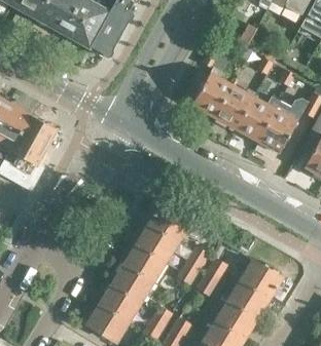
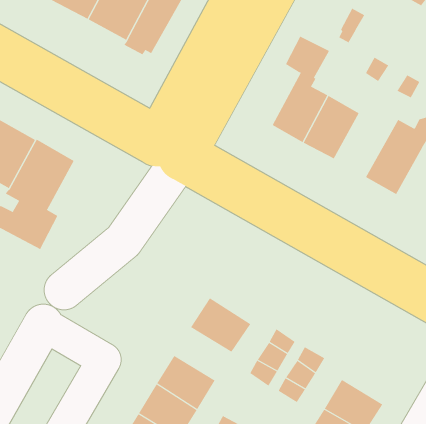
building: [235,97,279,141] -> none
building: [148,203,189,242] -> none
building: [123,244,164,281] -> none
building: [240,260,281,298] -> none

